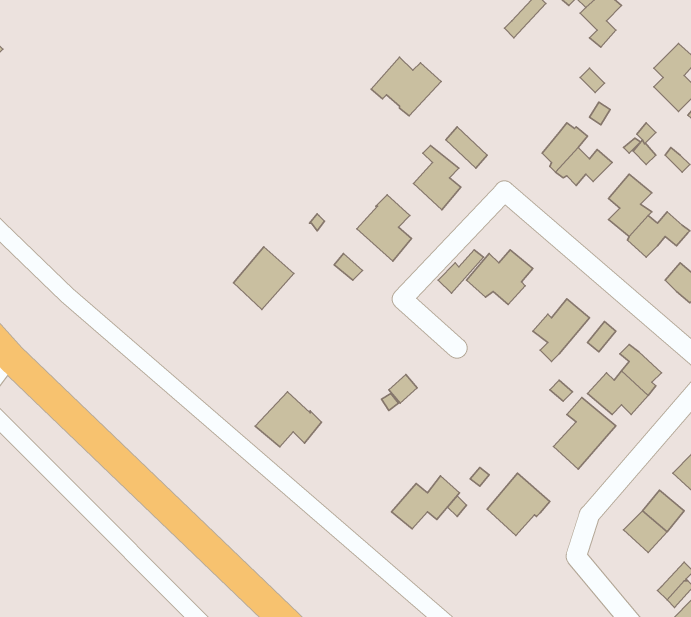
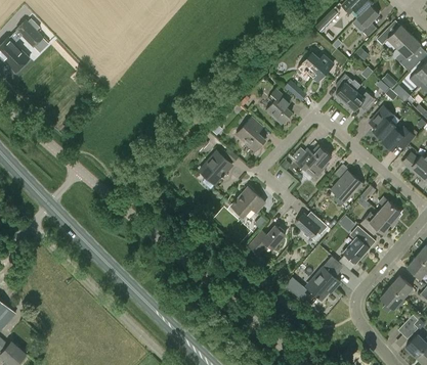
building: none -> [377,25,410,48]
building: [371,57,441,116] -> [297,51,335,83]
building: [233,247,294,309] -> [200,151,232,185]
building: none -> [297,214,328,238]
building: [255,392,322,447] -> [230,187,266,217]
building: [391,476,460,529] -> [248,226,285,255]

